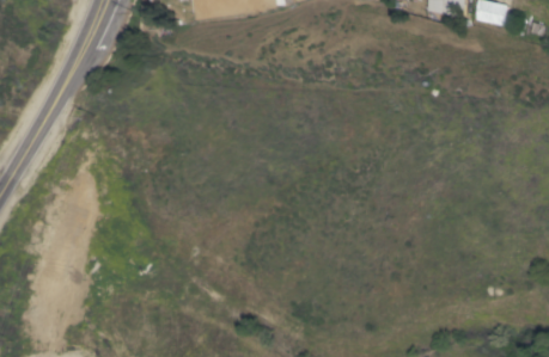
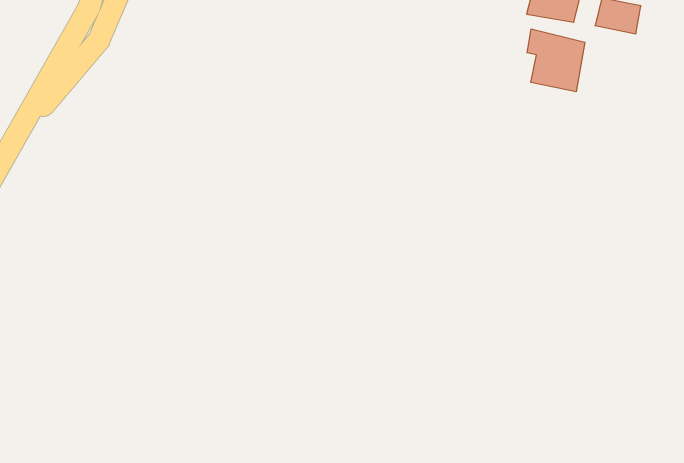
building: none -> [527,29,585,92]

